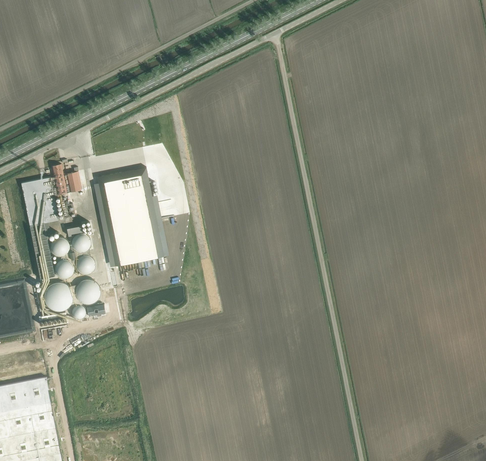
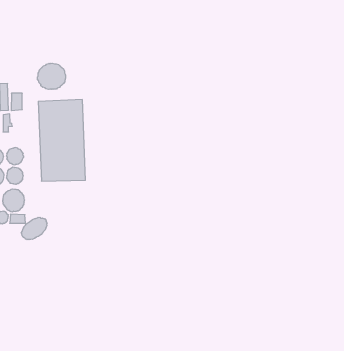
building: none -> [37,63,66,89]
building: none -> [21,217,47,240]

